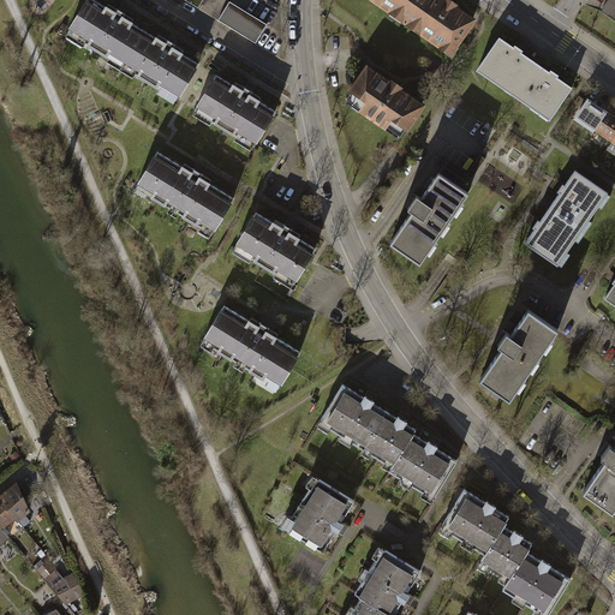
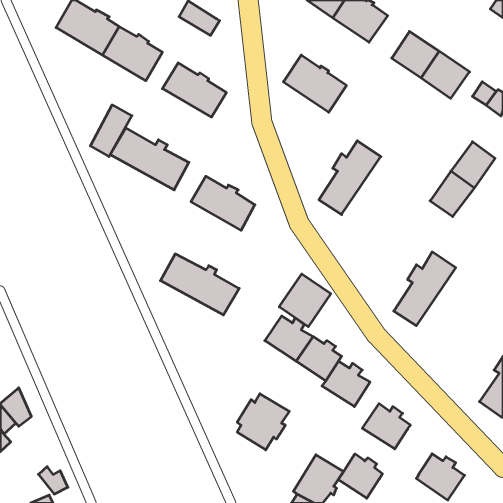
building: none -> [90,105,132,157]
building: none -> [279,274,331,327]
building: [477,524,531,578] -> [338,454,382,498]

